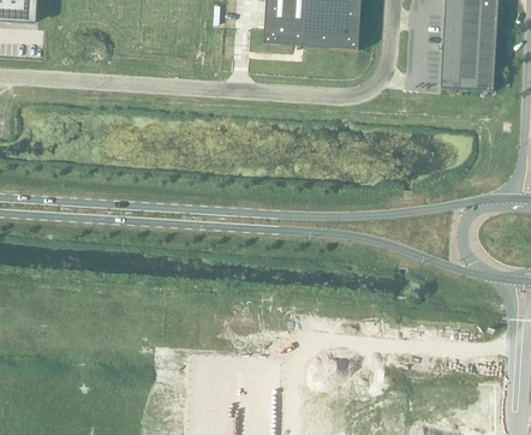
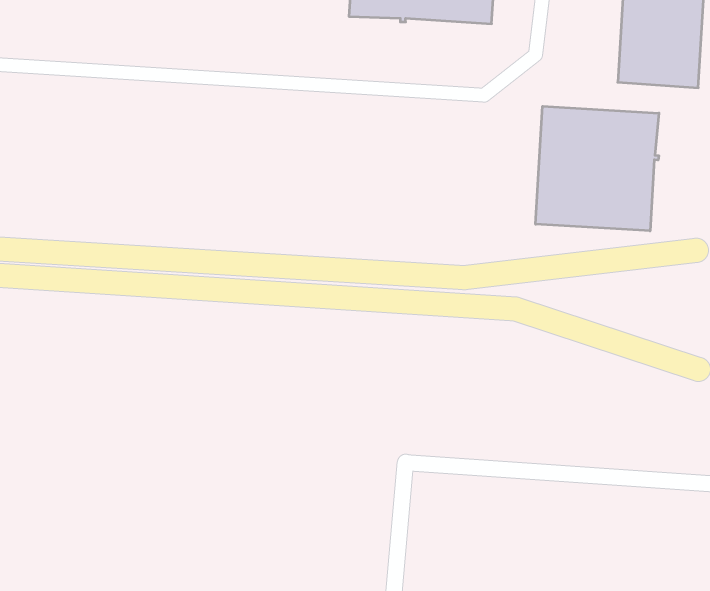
building: none -> [536,106,659,231]

